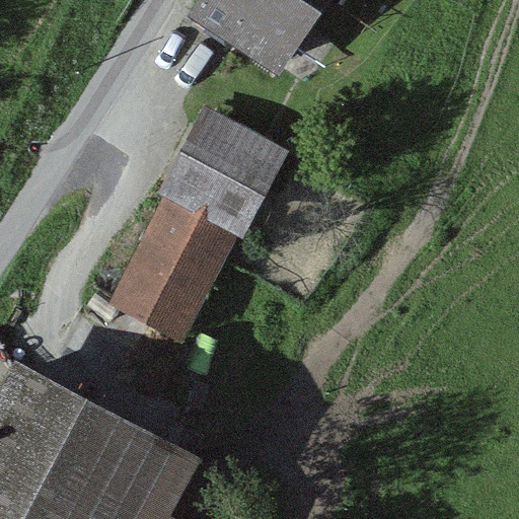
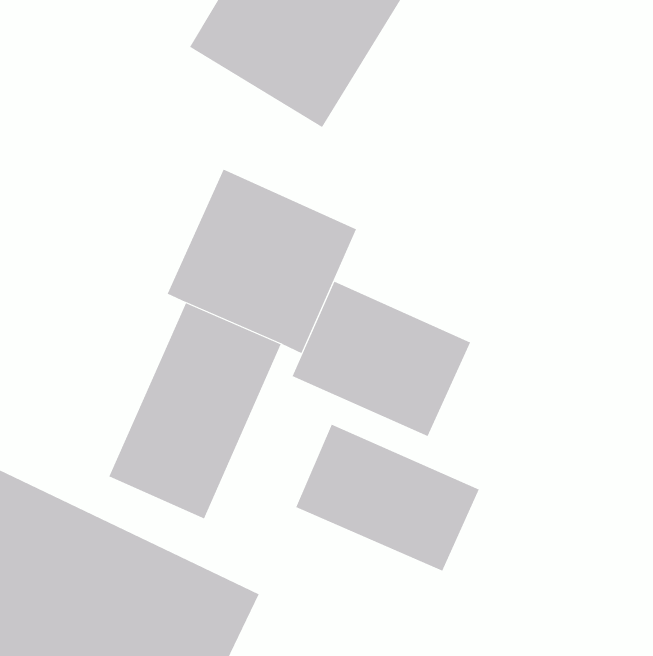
building: none -> [292,281,471,437]
building: none -> [295,424,479,571]

